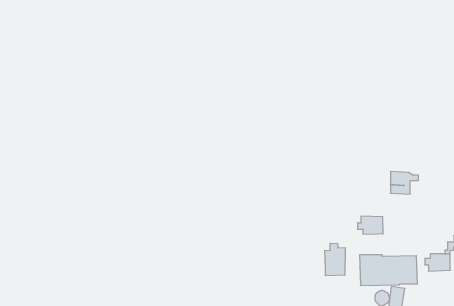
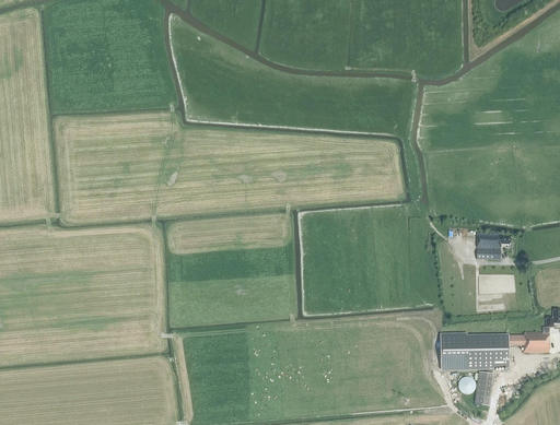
building: [358,216,383,234] -> none
building: [325,243,345,276] -> none

